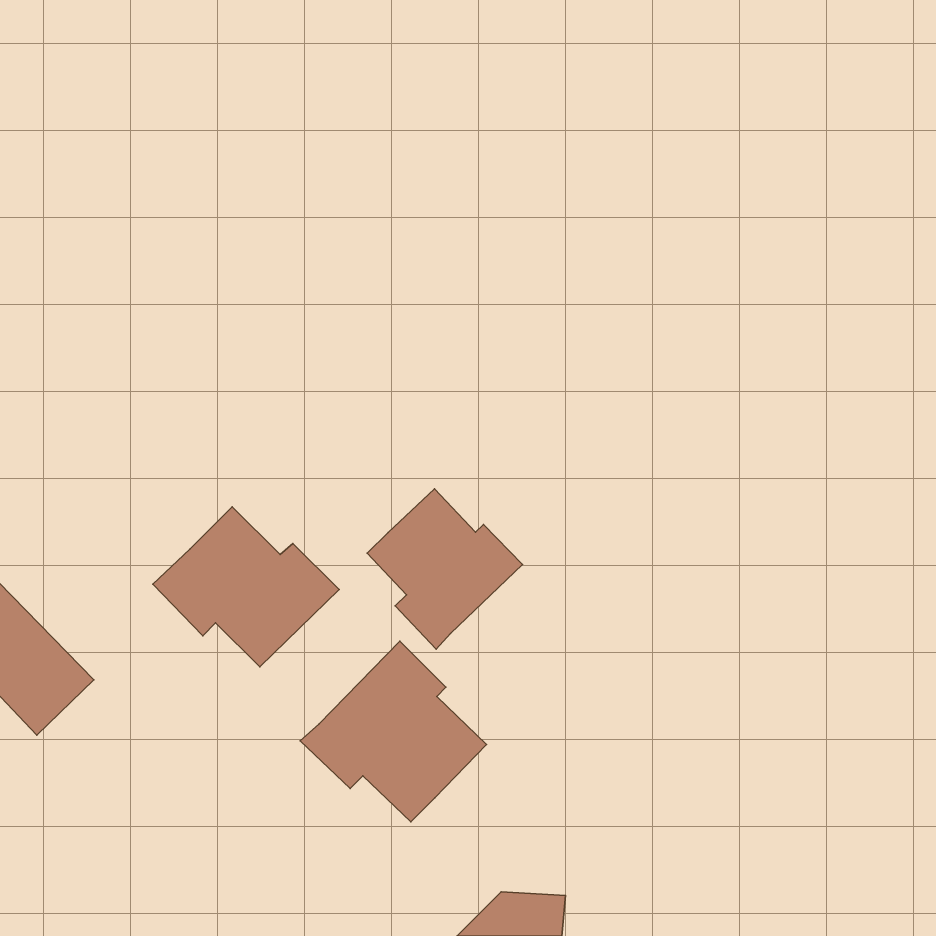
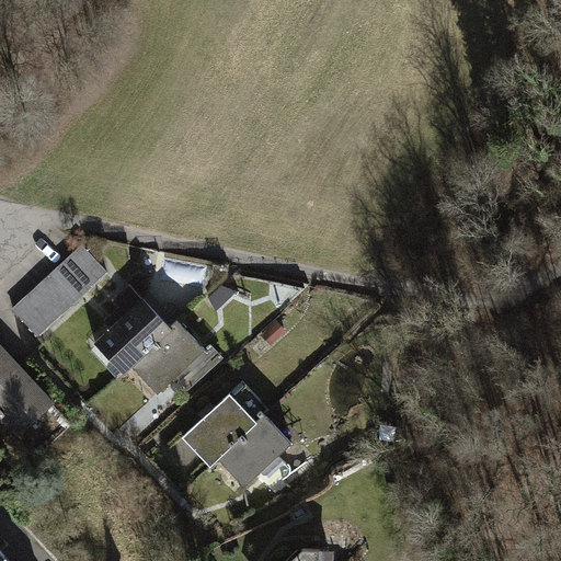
building: none -> [12,244,107,335]
building: [367,489,523,649] -> none

